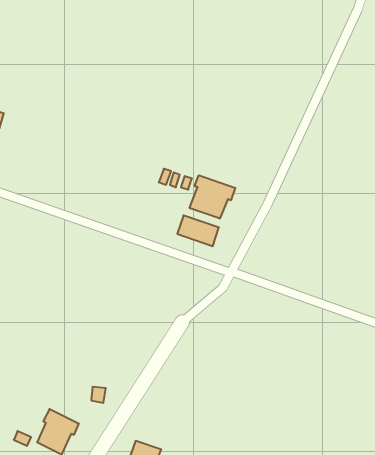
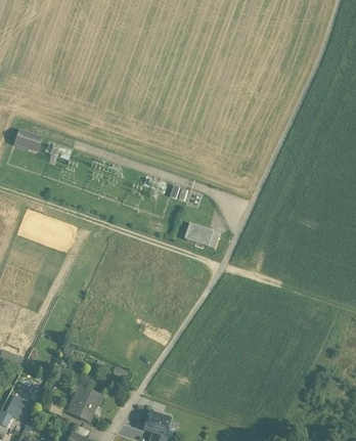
building: [190,175,235,219] -> none

